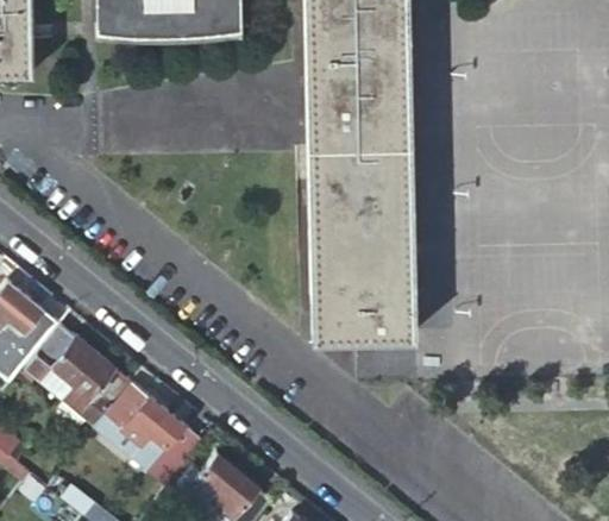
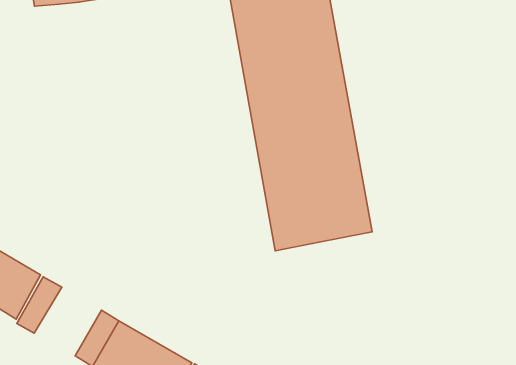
building: [42,337,117,413] -> none

